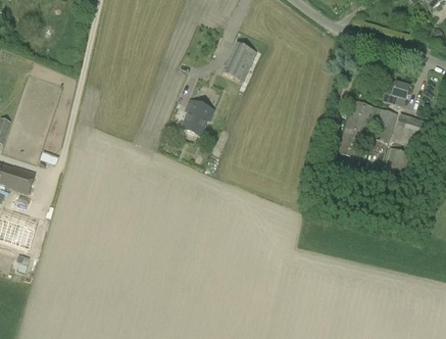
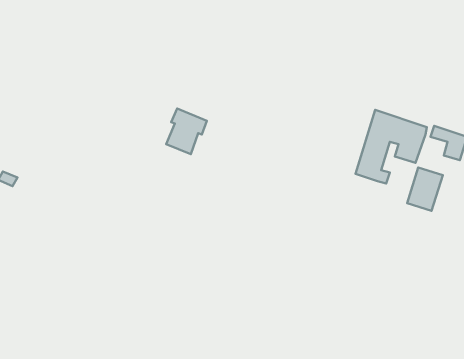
building: [226,40,257,80] -> none
building: [383,80,409,105] -> none

